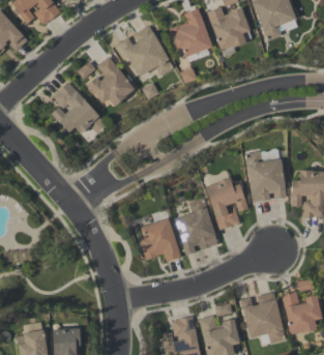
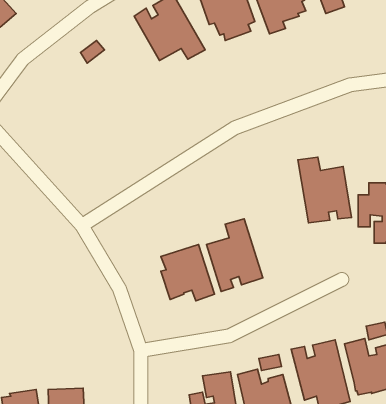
building: [87,56,135,107] -> none
building: [51,82,109,135] -> none
building: [206,178,249,230] -> none

